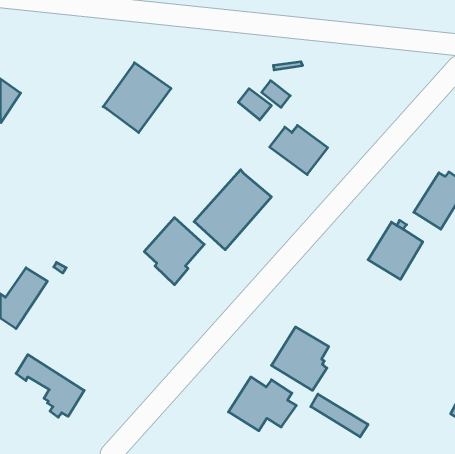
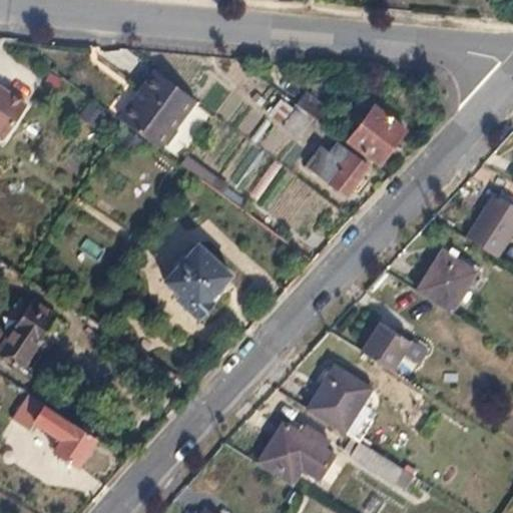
building: none -> [349,106,404,163]
building: [194,170,271,250] -> none
building: none -> [360,322,424,371]

